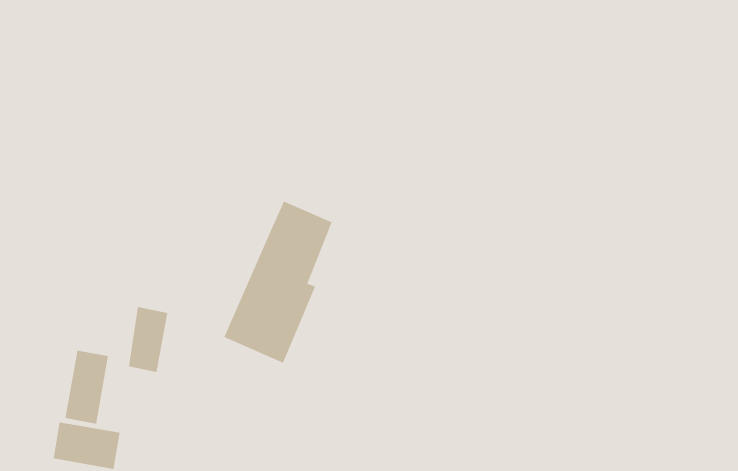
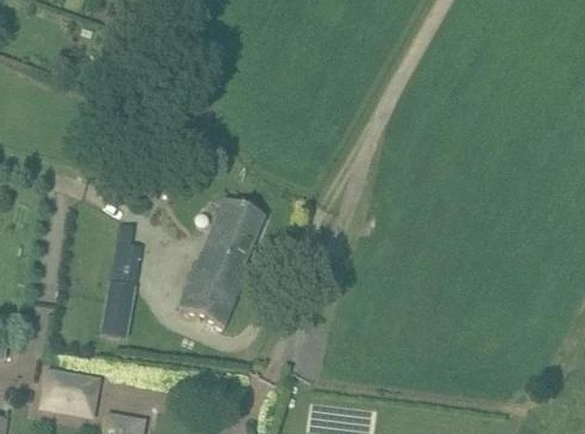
building: [65,350,109,424] -> none

